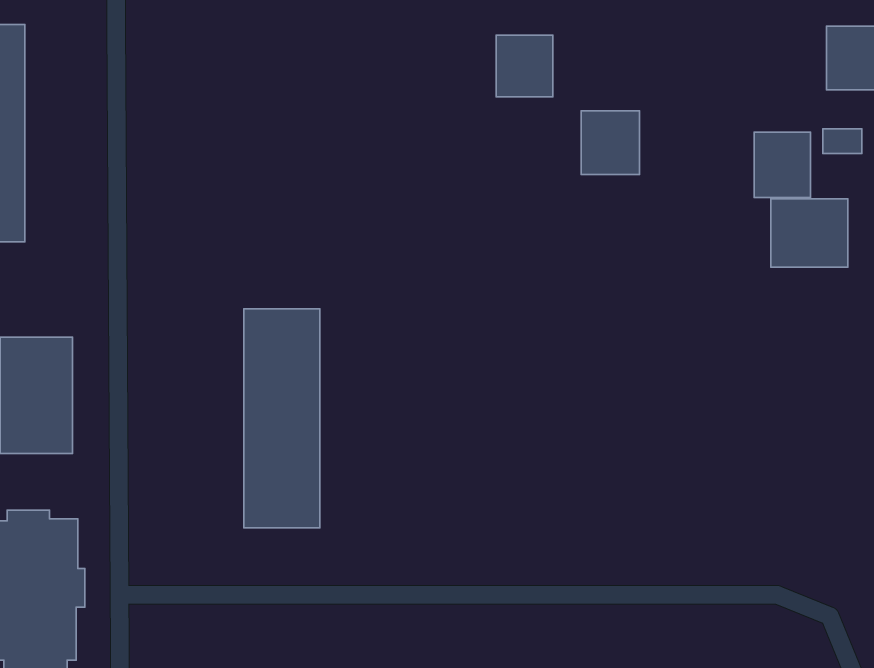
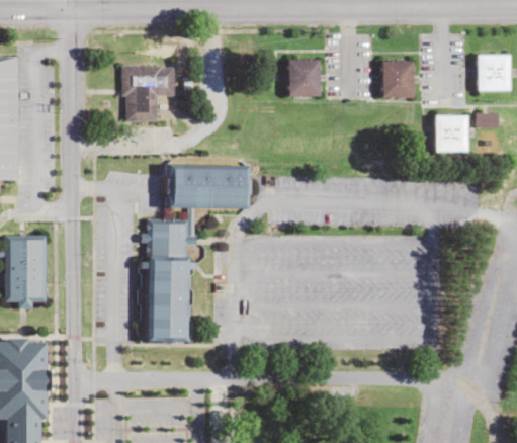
building: none -> [121,65,174,121]
building: [581,111,639,174] -> [381,62,415,98]
building: [771,199,848,267] -> none
building: none -> [168,166,247,207]

